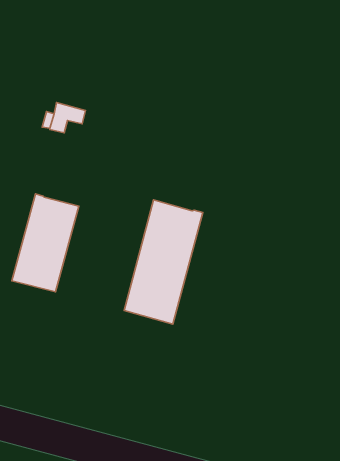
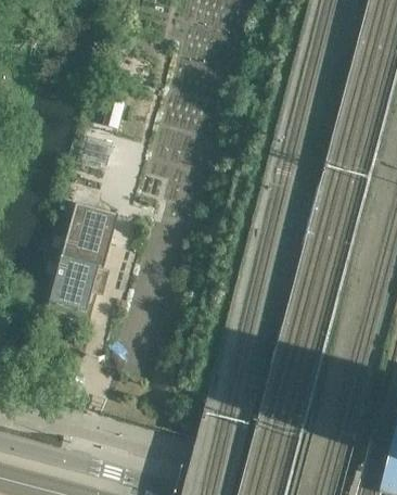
building: [124,200,203,324] -> none

